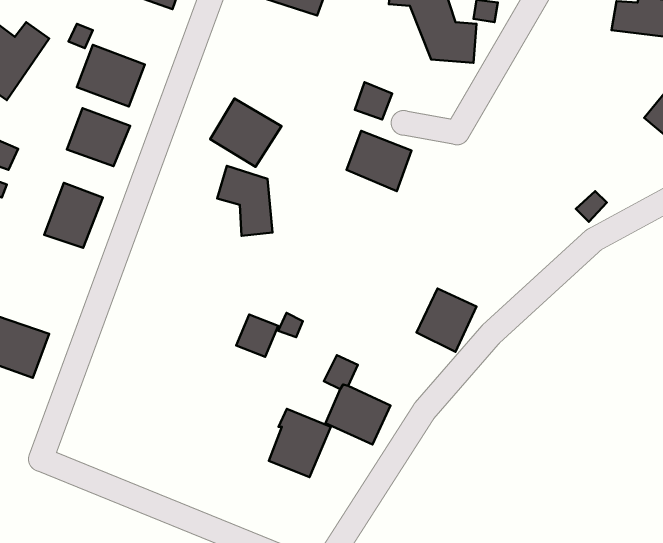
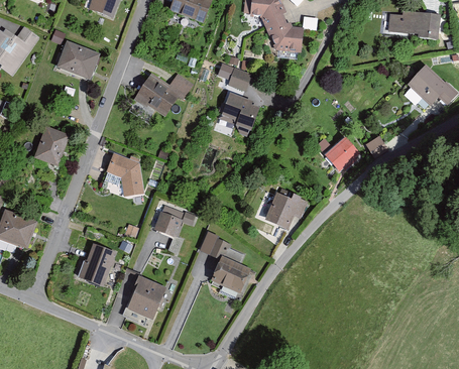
building: [67,108,130,166] -> none
building: [217,166,272,236] -> [108,152,142,196]
building: none -> [324,137,358,171]
building: none -> [80,243,114,285]
building: [269,409,331,477] -> [125,272,163,315]

